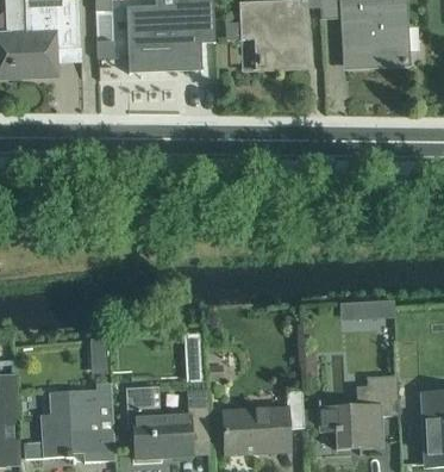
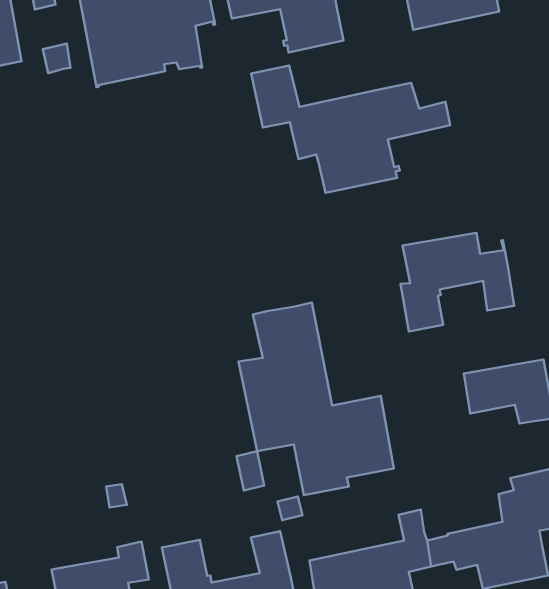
building: none -> [251,65,450,193]
building: none -> [400,233,514,331]
building: none -> [238,302,394,495]

